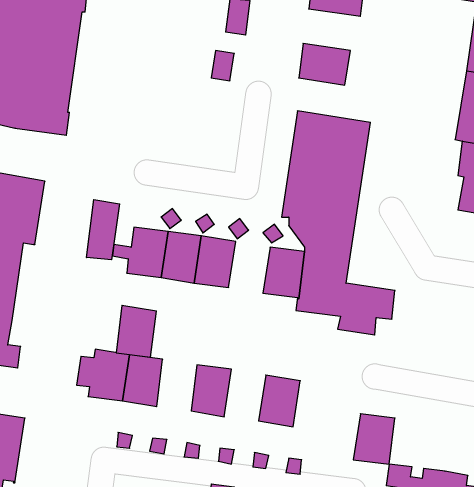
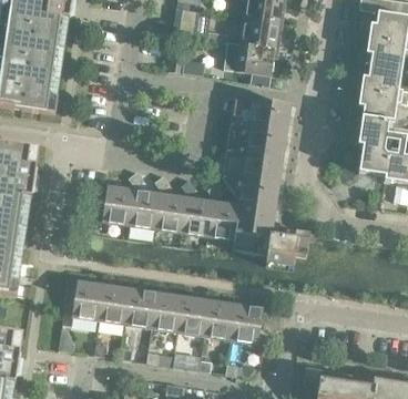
building: none -> [238,17,283,49]
building: [87,200,120,260] -> none
building: none -> [181,196,213,236]
building: [116,305,156,357] -> [125,287,156,327]
building: none -> [177,295,210,335]
building: [353,414,395,464] -> [231,304,263,342]

